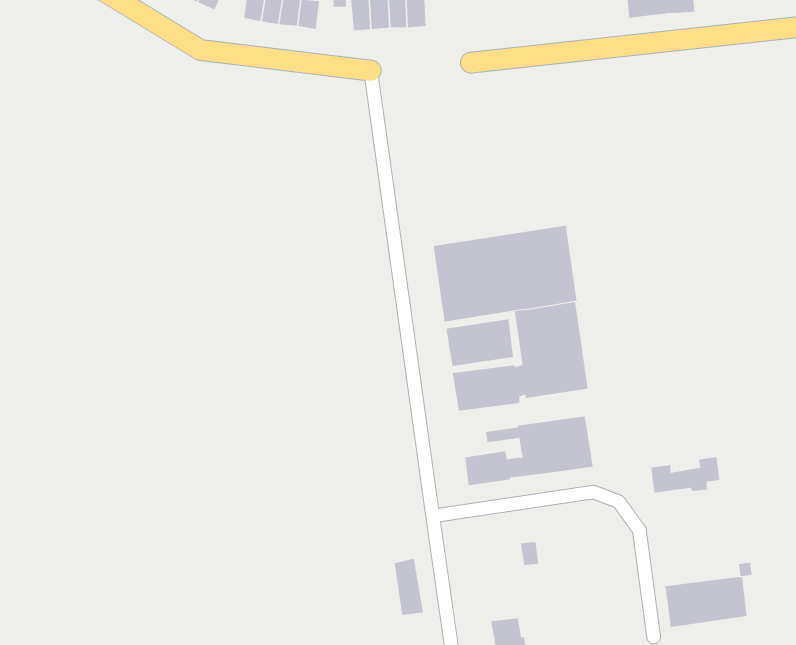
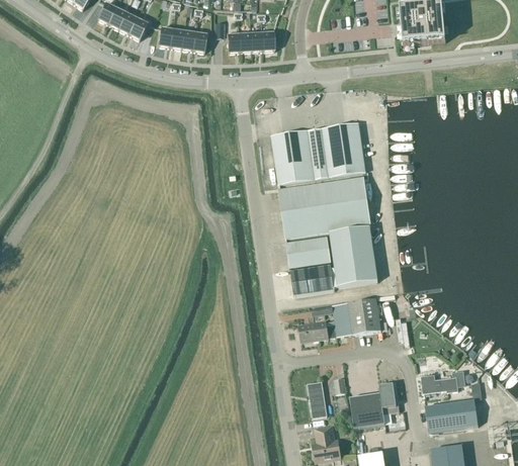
building: none -> [271,122,365,184]
building: [650,456,720,493] -> [421,369,465,392]
building: none -> [349,382,400,428]
building: [394,558,424,616] -> [308,380,327,416]

